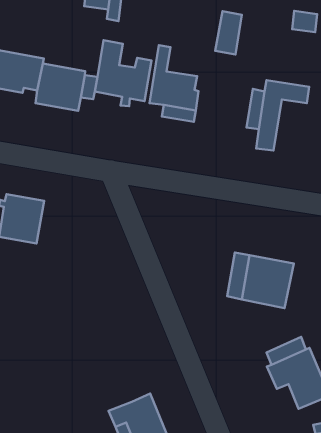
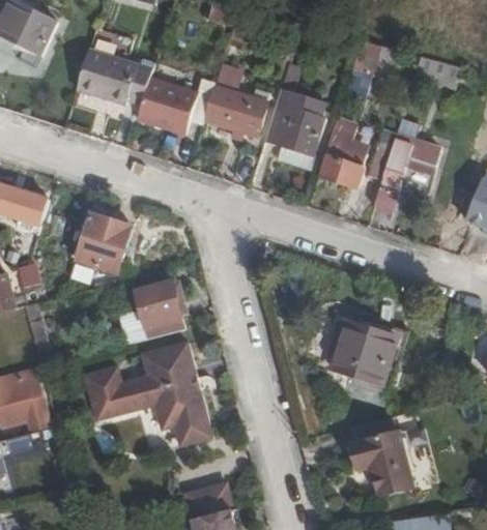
building: none -> [317,123,366,187]
building: none -> [133,285,183,341]
building: none -> [70,346,211,450]

